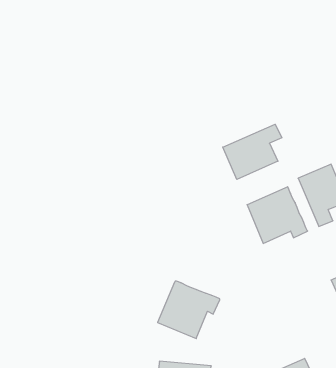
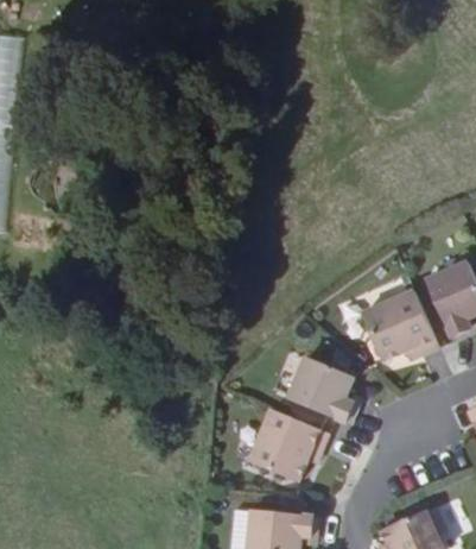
building: [223,124,282,179] -> none
building: none -> [285,356,354,423]

